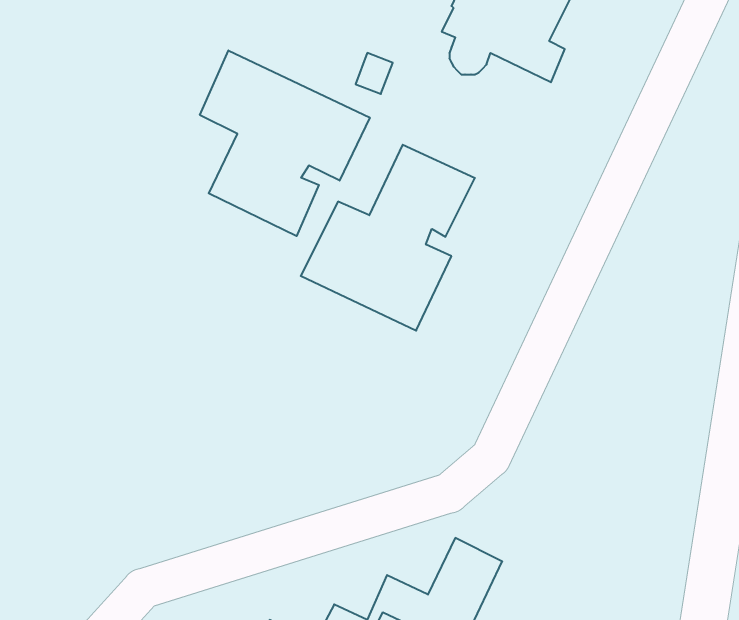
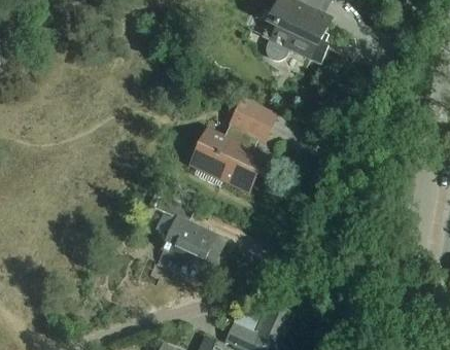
building: [200,50,370,236] -> none
building: none -> [152,192,224,282]

